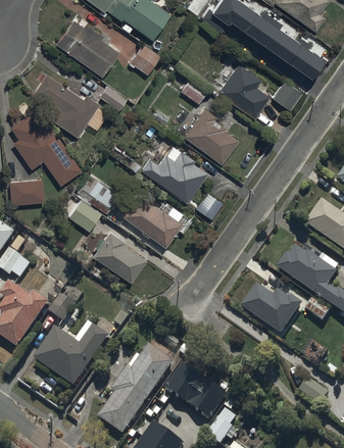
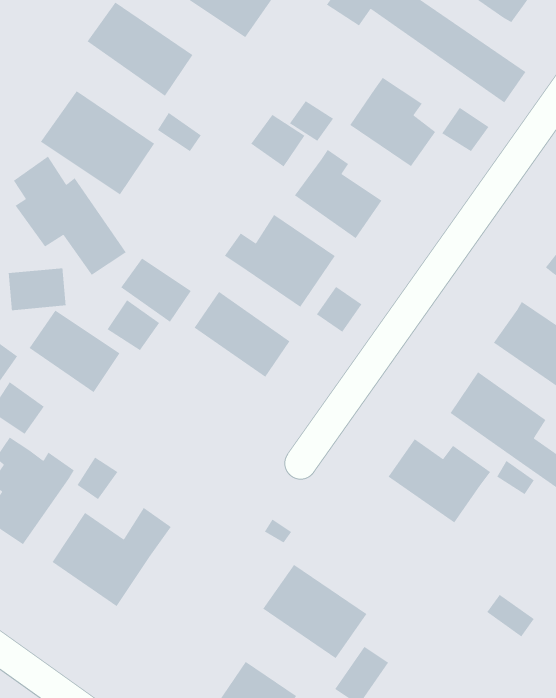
building: [128,42,161,74] -> [250,114,306,167]
building: [91,231,147,282] -> [28,310,120,393]
building: [97,345,173,435] -> none

